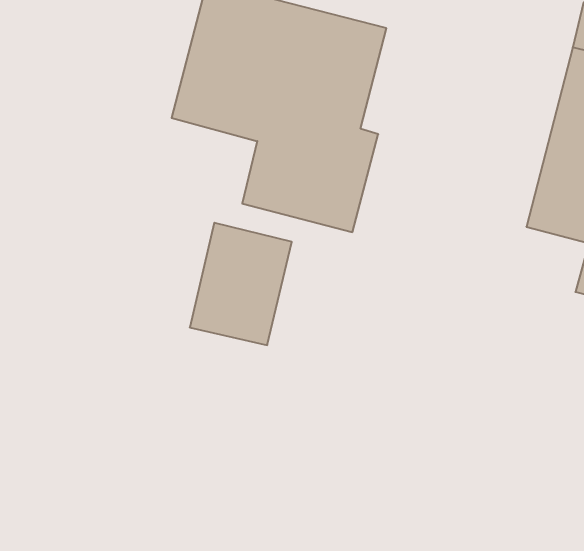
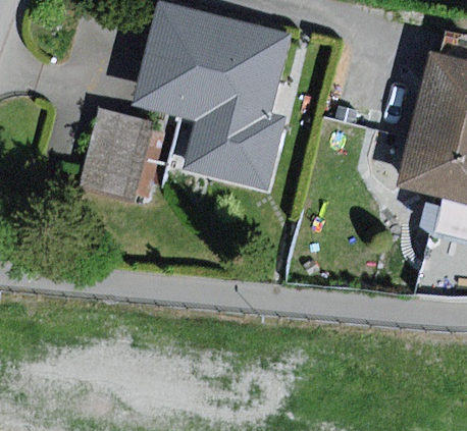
building: [190,223,292,345] -> [81,109,157,201]

